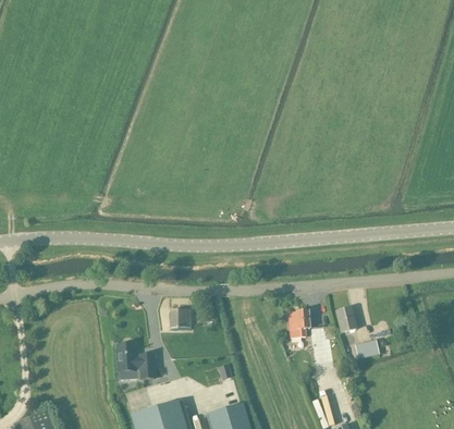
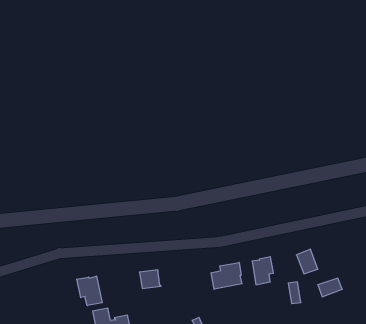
building: none -> [77,276,102,306]
building: none -> [211,262,242,289]

